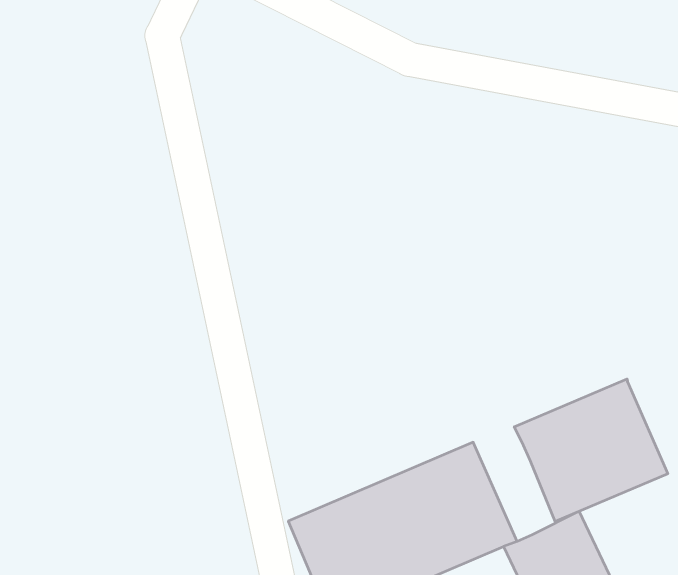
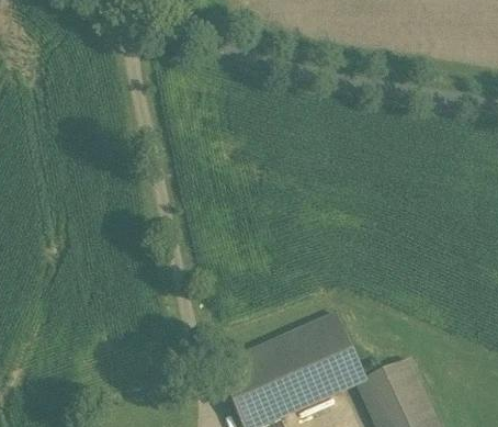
building: [514,379,668,521] -> none

